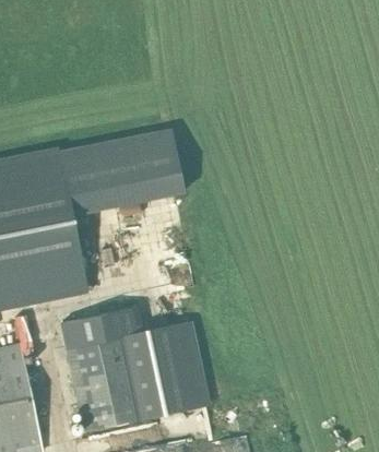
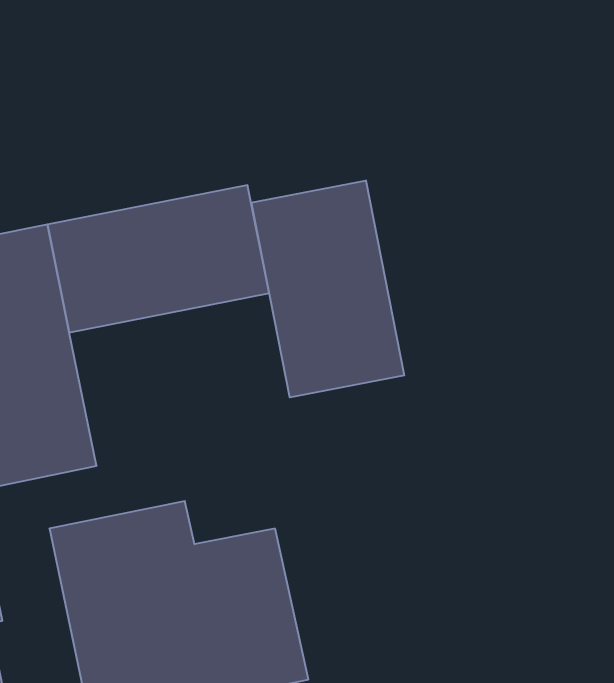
building: none -> [251,180,404,397]

